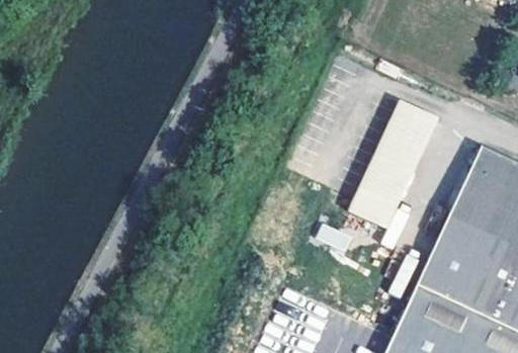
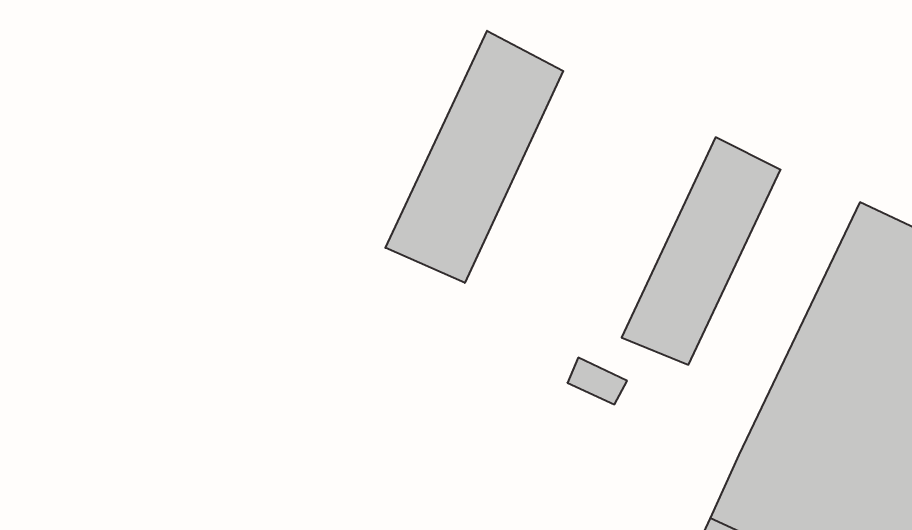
building: none -> [385,31,563,283]

